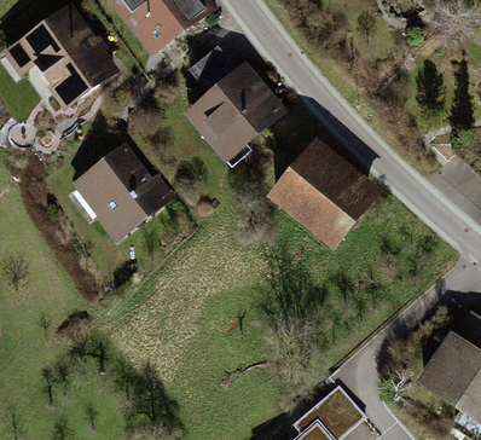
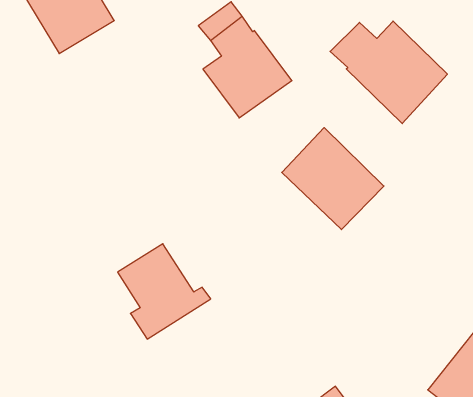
building: none -> [330,21,447,124]
building: [86,147,172,235] -> [118,244,211,339]

